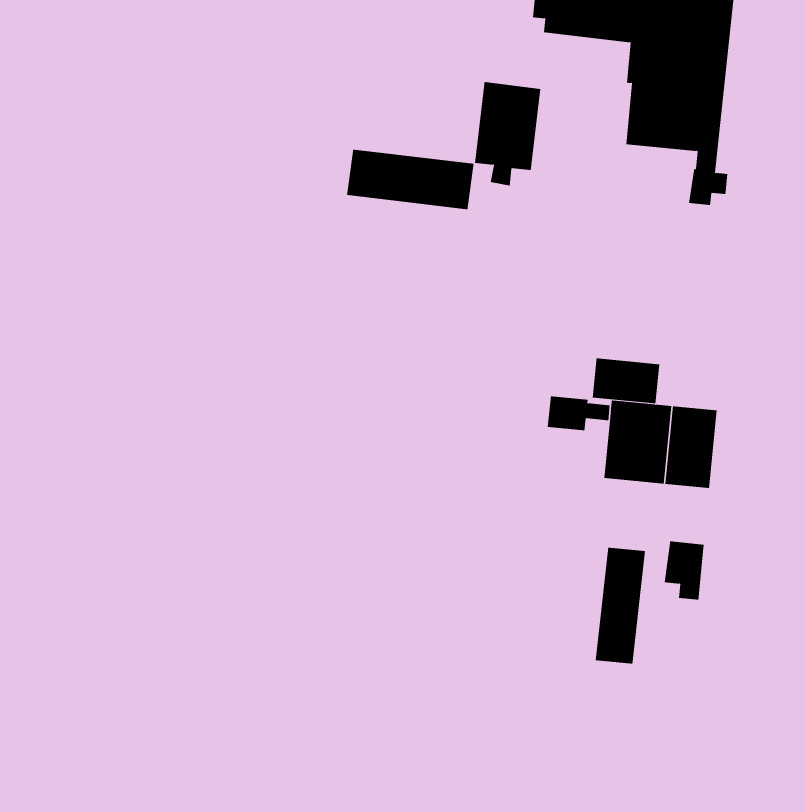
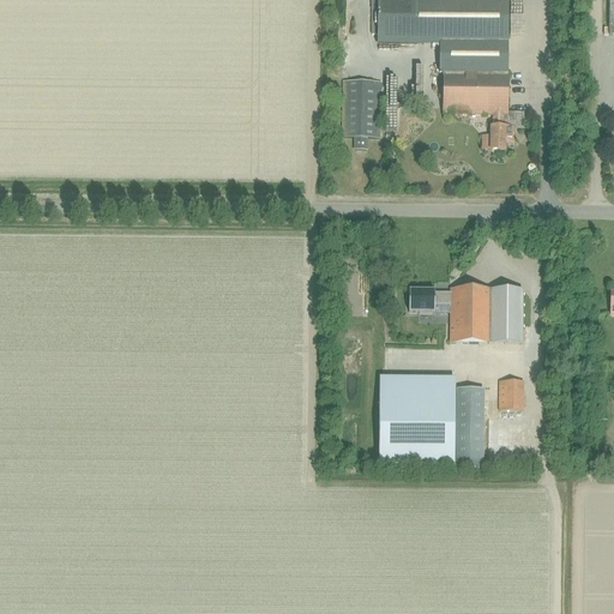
building: [346,149,474,210] -> none
building: [592,358,660,404] -> none
building: none -> [380,374,453,462]

